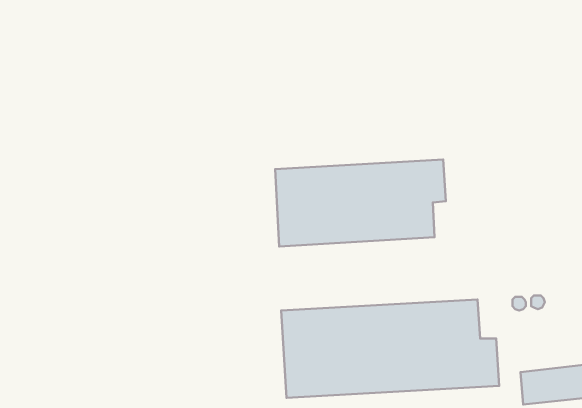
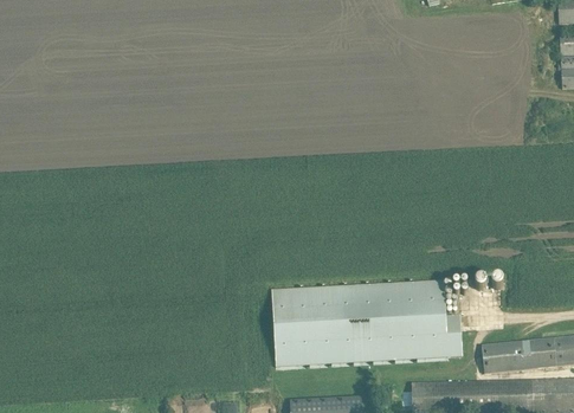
building: [275,159,446,246] -> none

